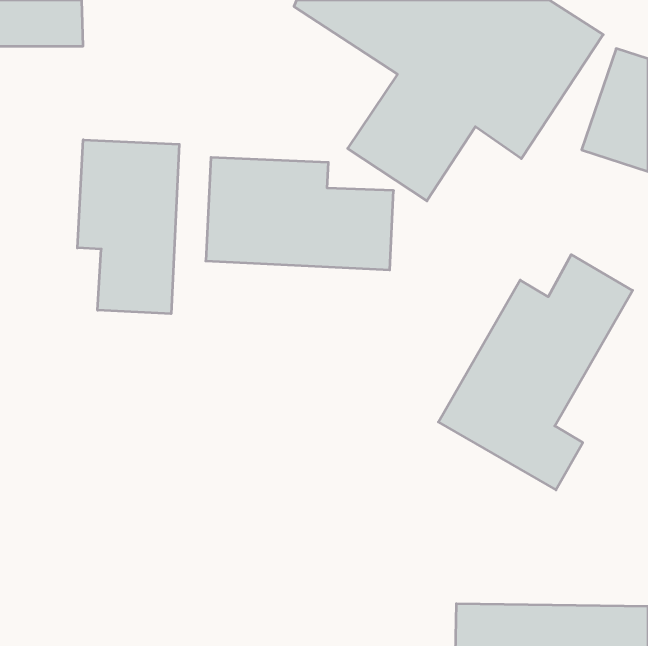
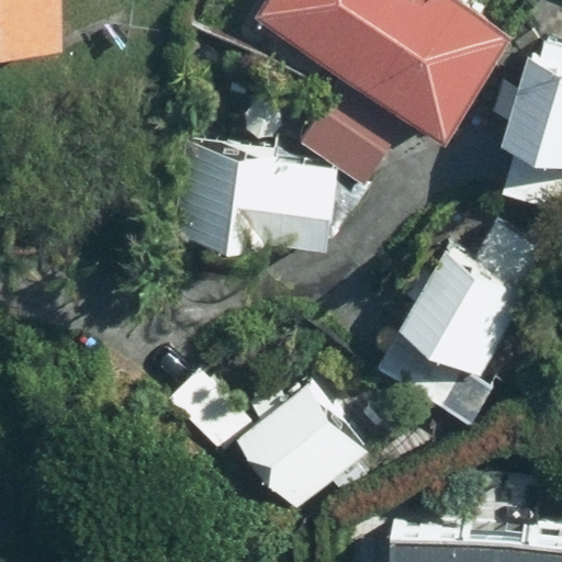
building: [77,140,179,314] -> none
building: none -> [166,369,370,509]

